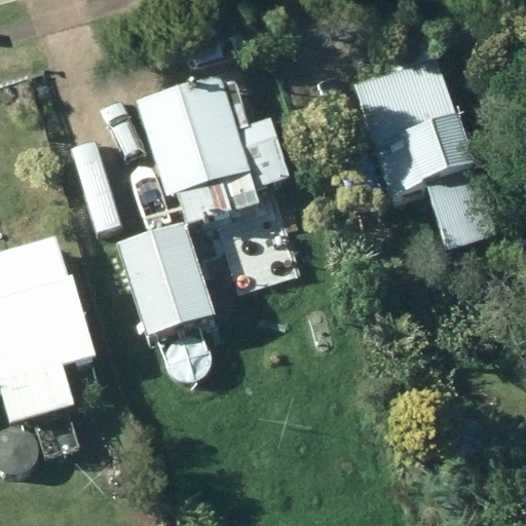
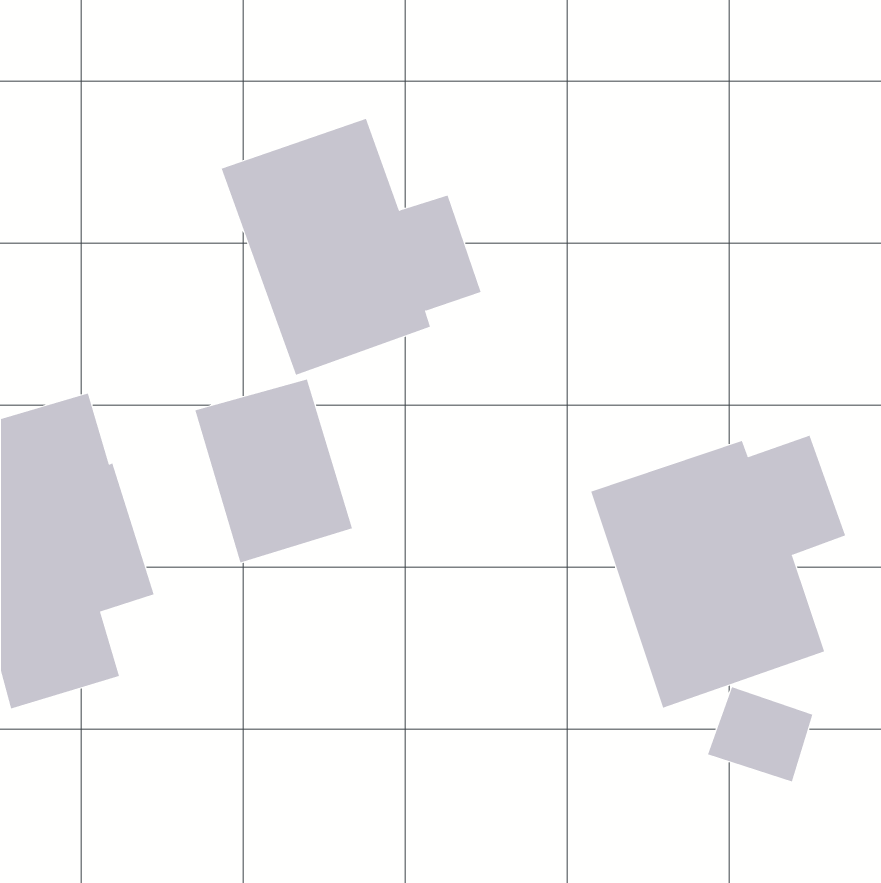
building: [337,55,494,251] -> none
building: none -> [591,435,846,708]

